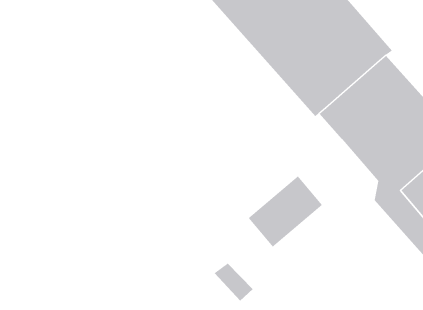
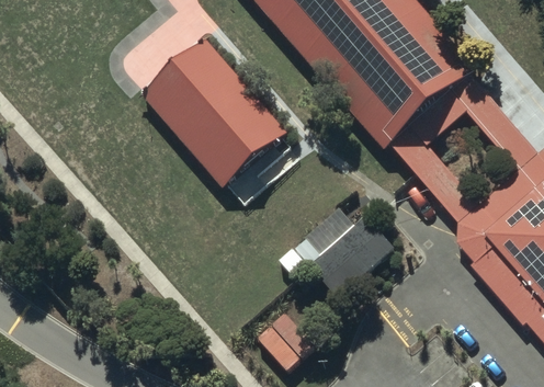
building: none -> [145,42,282,183]

